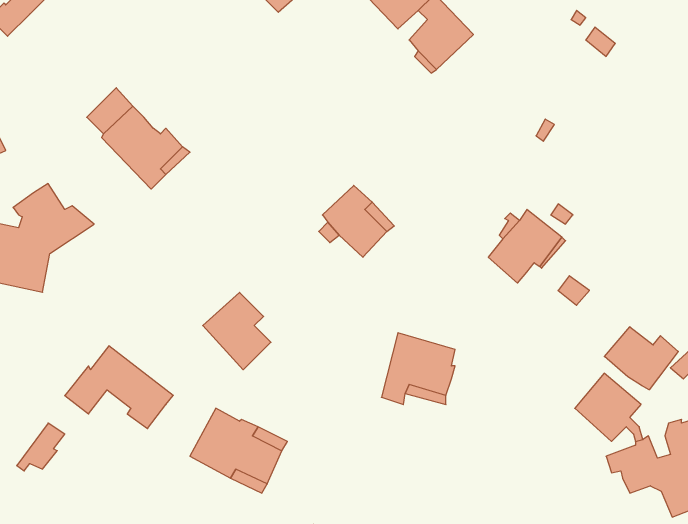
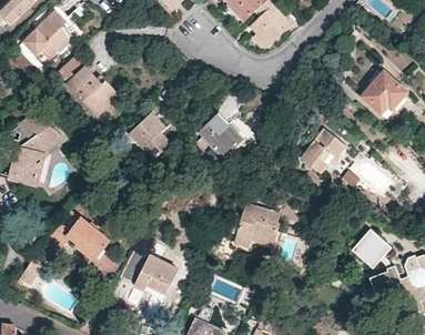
building: none -> [21,8,81,61]
building: none -> [363,71,407,116]
building: [203,292,271,370] -> [130,113,171,160]
building: [604,327,678,390] -> none

